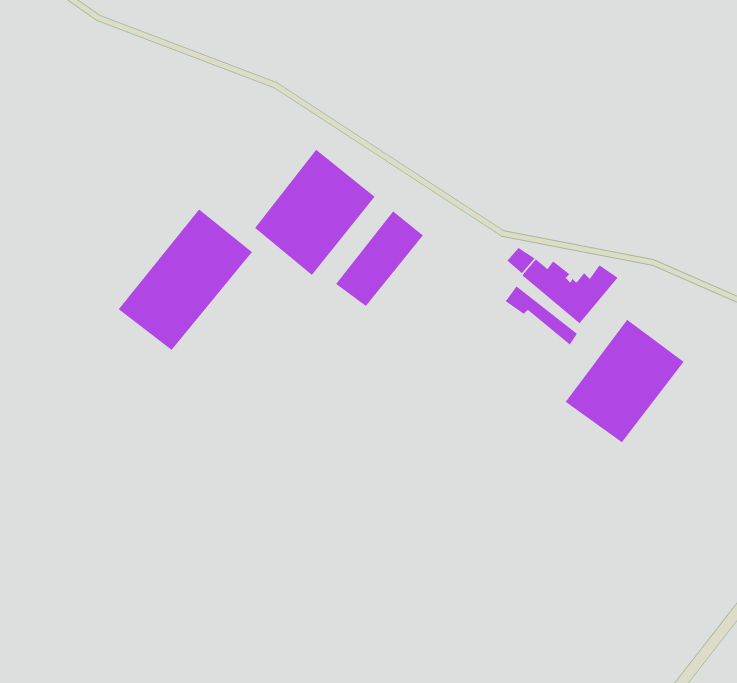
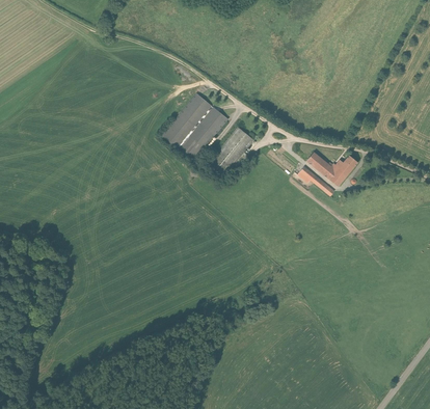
building: [118,209,253,351] -> none
building: [565,319,685,443] -> none

